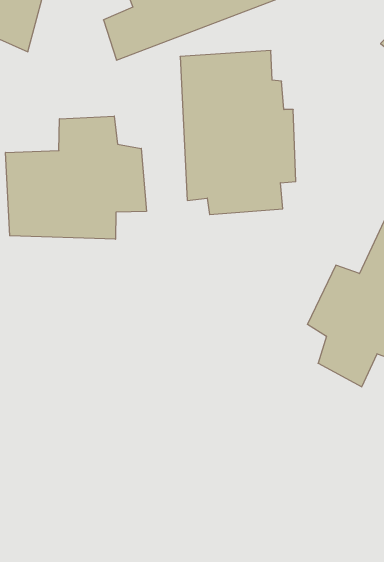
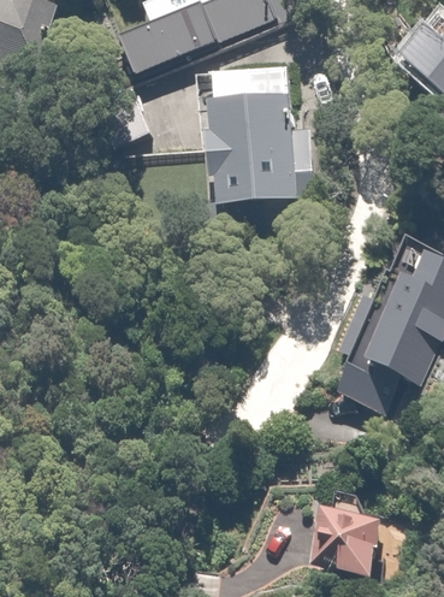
building: [6,116,146,239] -> none
building: none -> [316,508,379,575]

